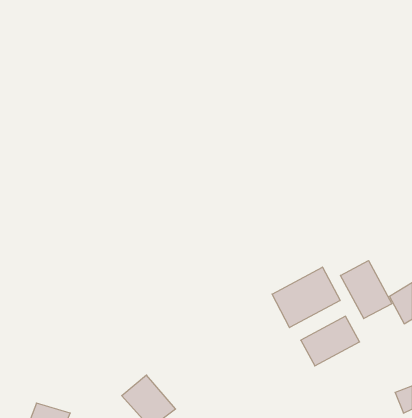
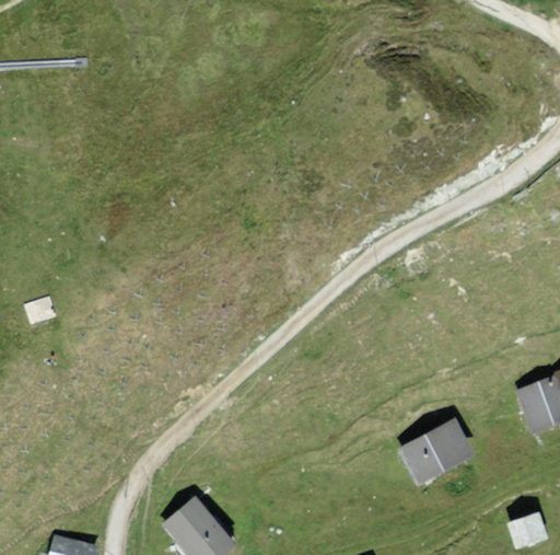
building: [340,261,392,319] -> none
building: [272,267,340,328] -> none

